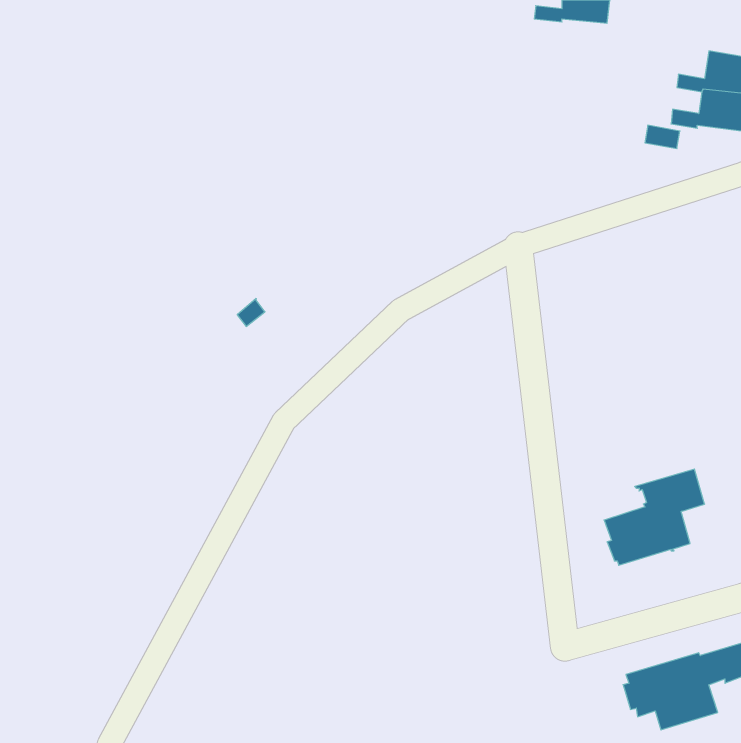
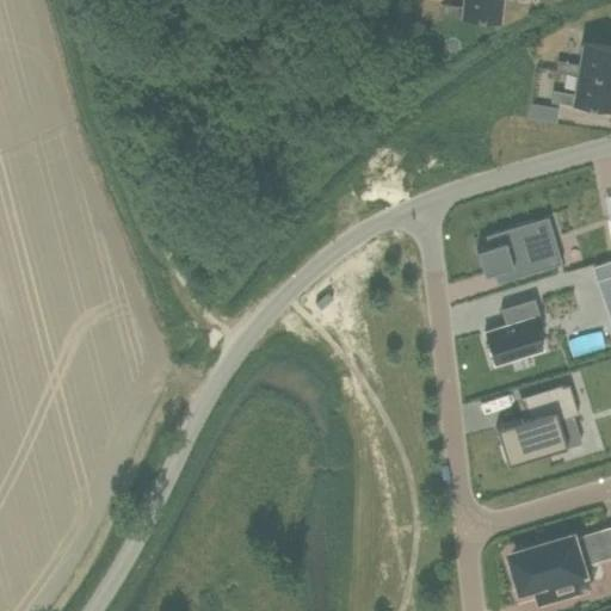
building: none -> [475,216,564,282]
building: none -> [486,298,545,364]

